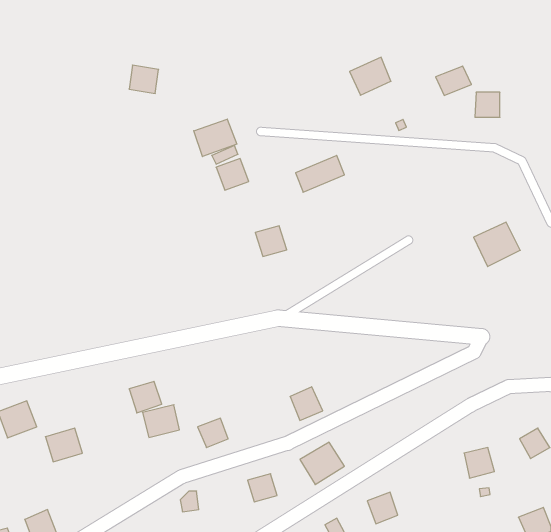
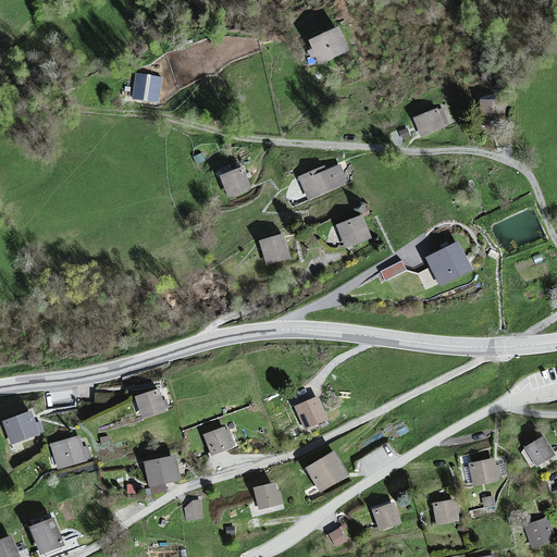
building: [350,57,391,95] -> [307,26,348,64]
building: [436,66,471,95] -> [412,106,448,135]
building: [194,119,237,157] -> none
building: none -> [336,214,371,248]
building: [474,222,520,267] -> [424,242,471,286]
building: [142,405,179,437] -> [141,454,178,486]
building: none -> [432,497,459,524]

